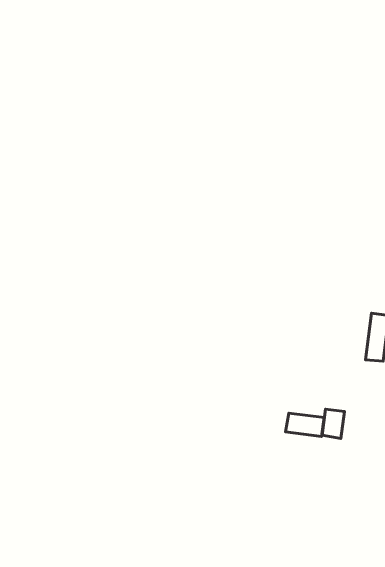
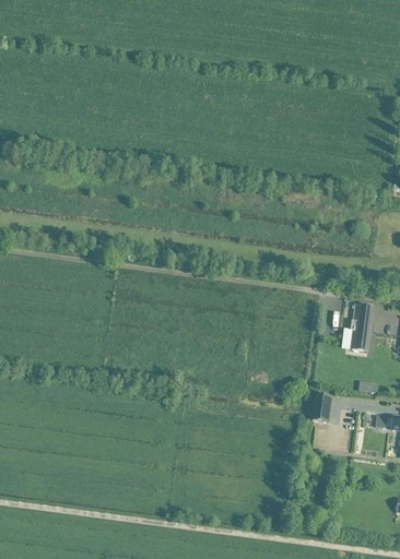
building: [286,413,324,436] -> none

